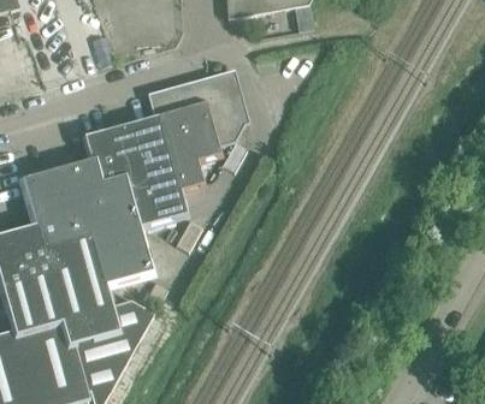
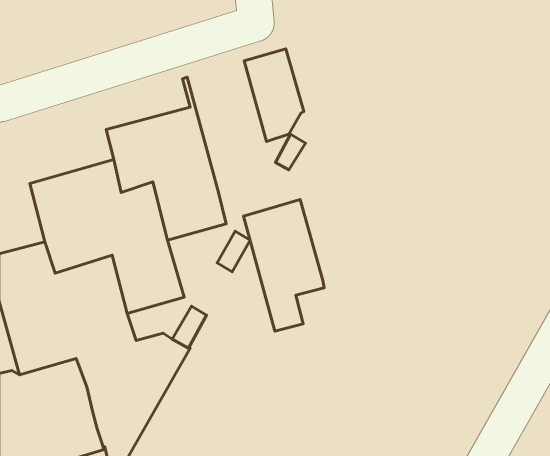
building: [152,82,217,188] -> [243,200,324,331]

